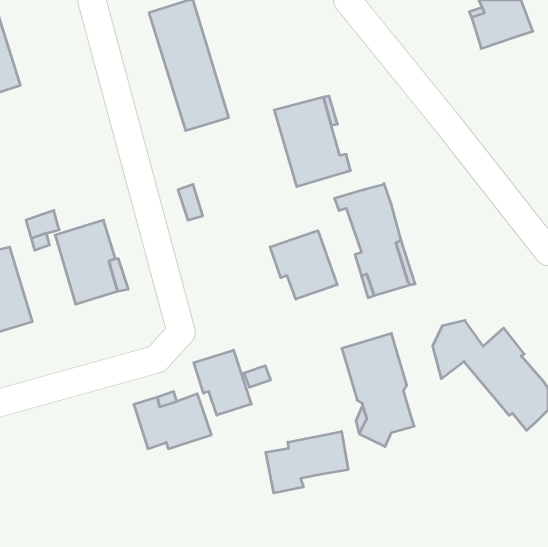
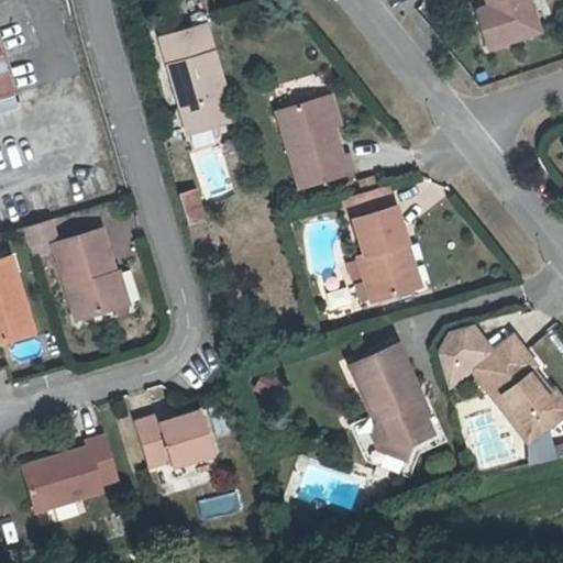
building: [270,231,337,299] -> none
building: [194,350,251,415] -> none
building: none -> [21,432,118,507]
building: [266,431,348,493] -> none

